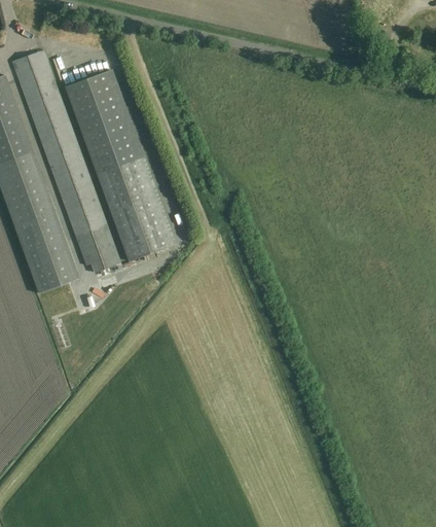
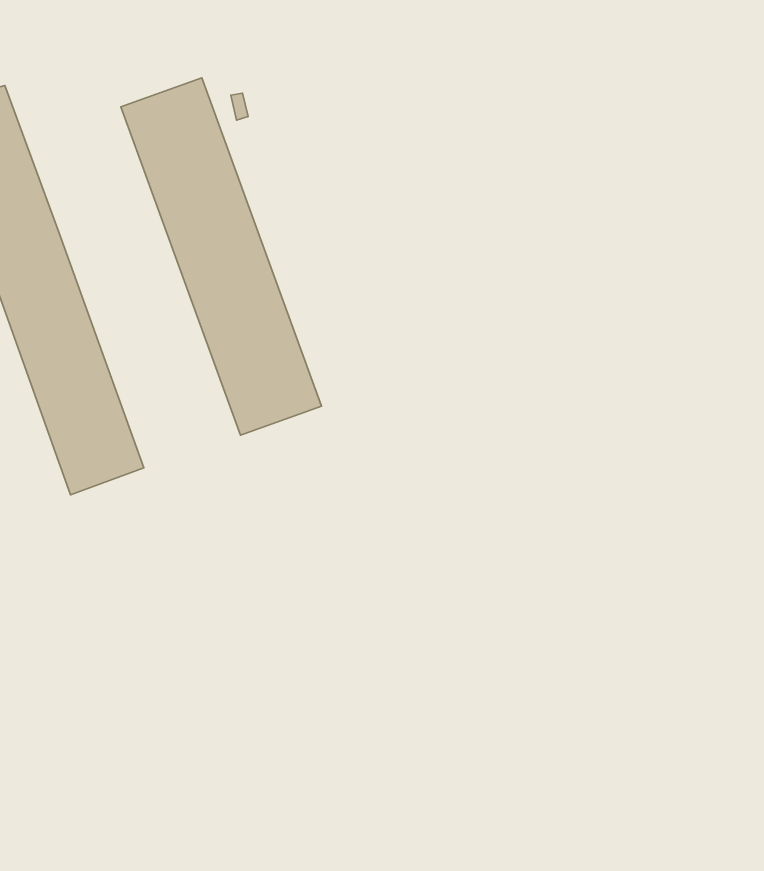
building: [11,49,121,272] -> none

